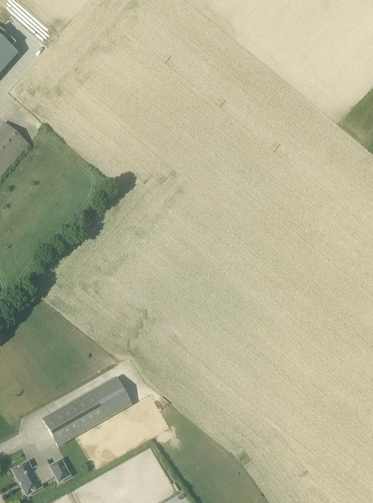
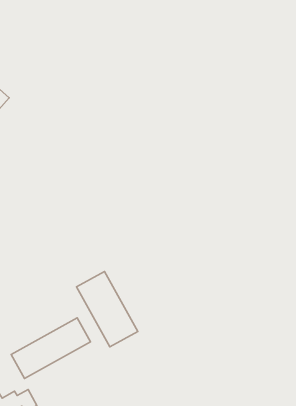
building: none -> [77,271,138,347]

